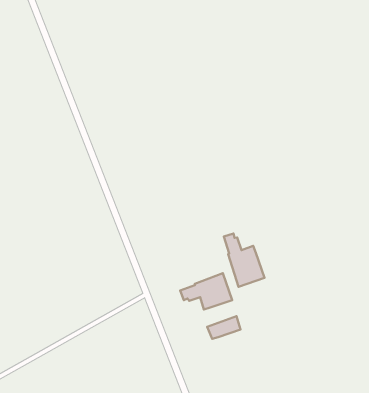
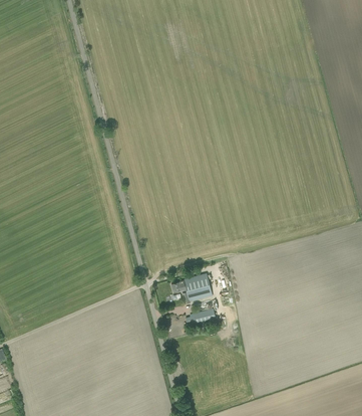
building: [224,233,265,287] -> none

